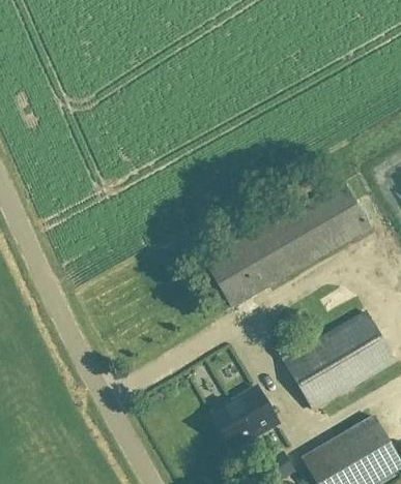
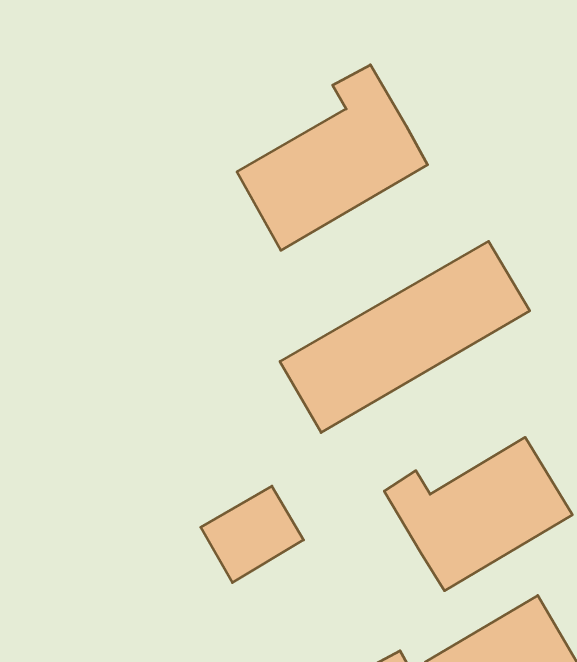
building: none -> [237,65,428,250]
building: [212,386,280,449] -> [201,486,304,583]

